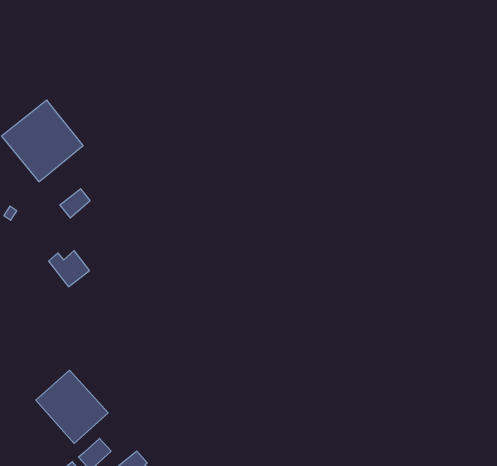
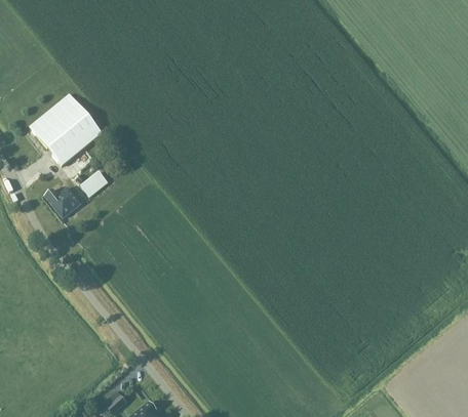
building: [49,251,89,287] -> [44,186,80,218]
building: [36,370,108,443] -> none

